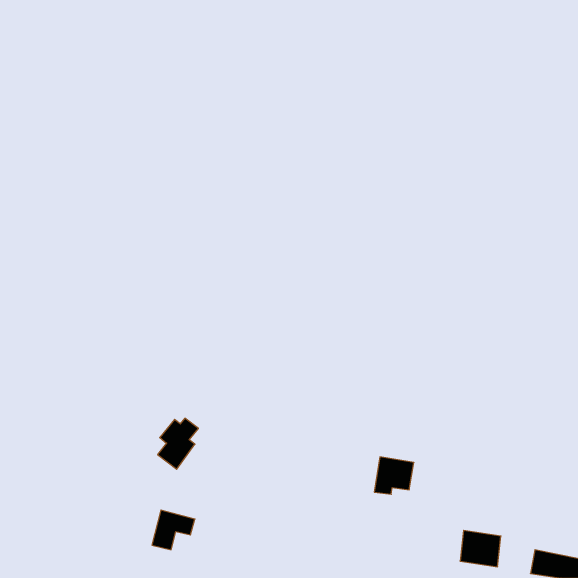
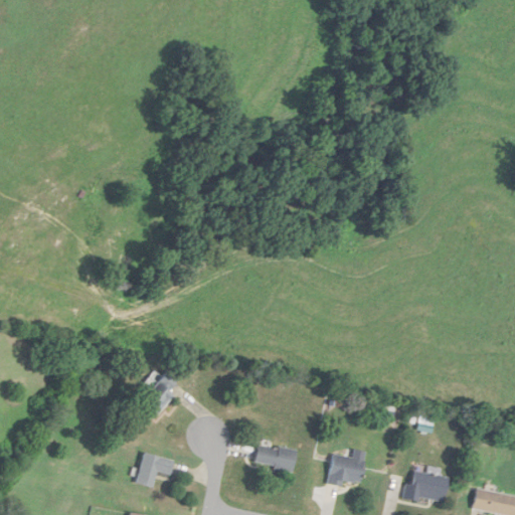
building: [374,457,414,494] -> [327,454,362,487]
building: none -> [253,444,295,471]

